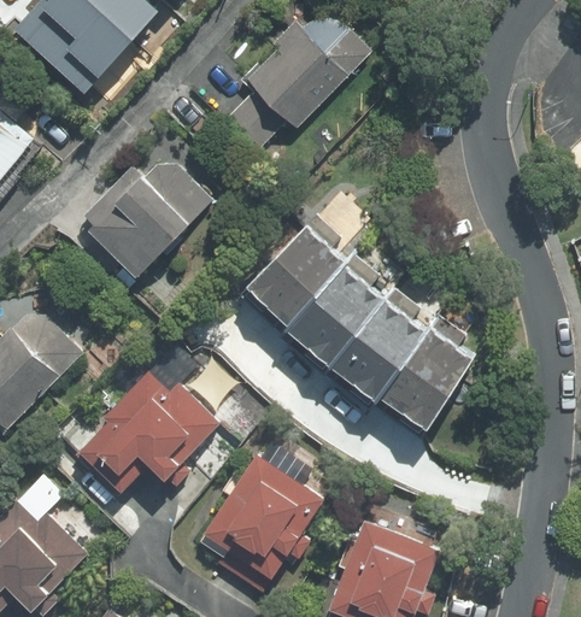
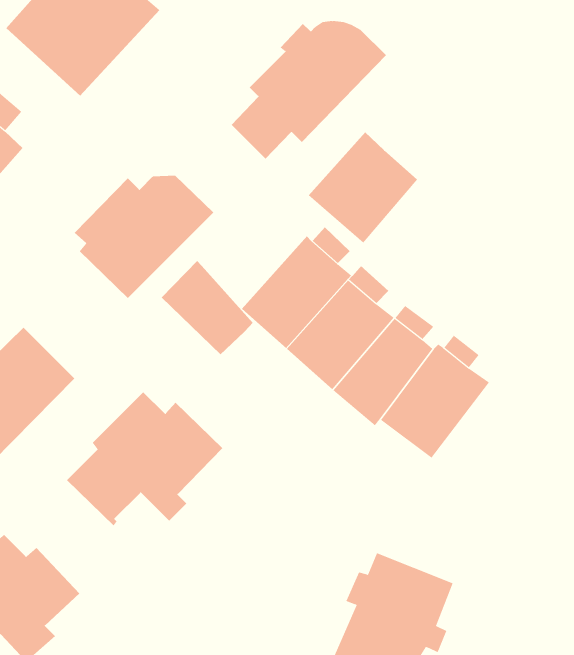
building: none -> [308,132,418,244]
building: none -> [161,260,254,355]
building: [199,454,321,590] -> none

